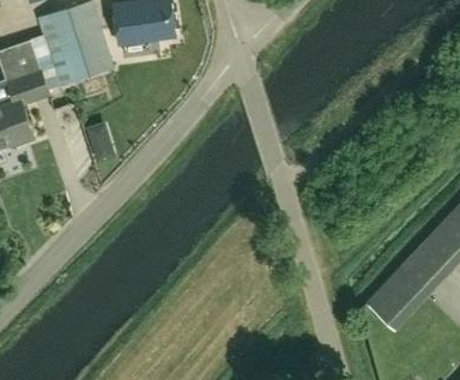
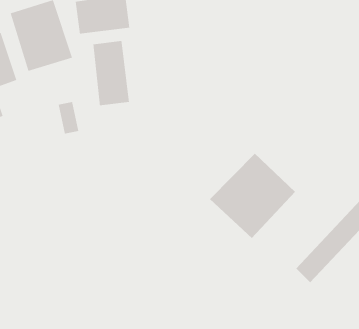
building: none -> [93,40,130,106]
building: none -> [209,153,296,239]

